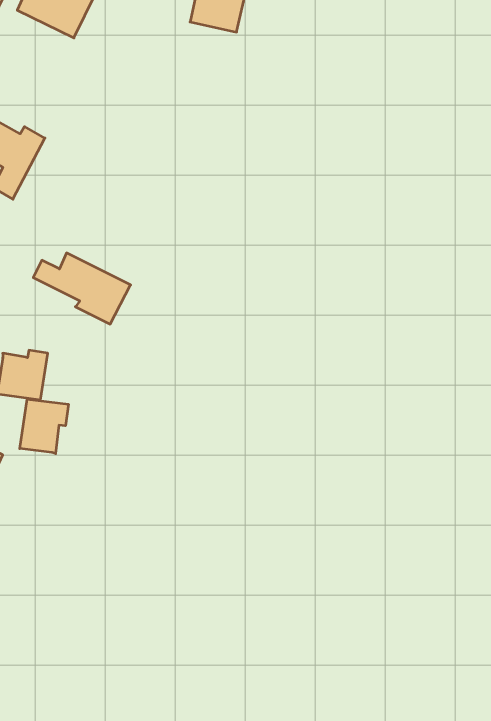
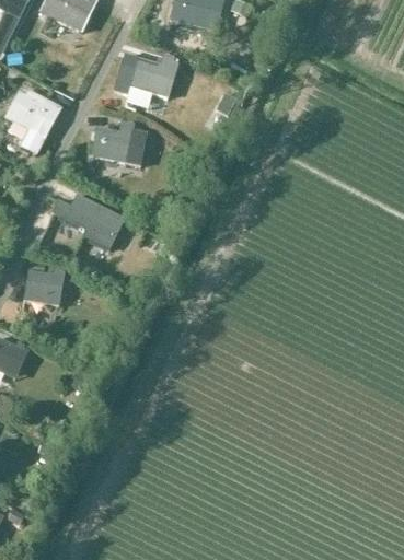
building: none -> [113,51,178,97]
building: none -> [91,121,147,164]
building: [20,399,68,454] -> none

